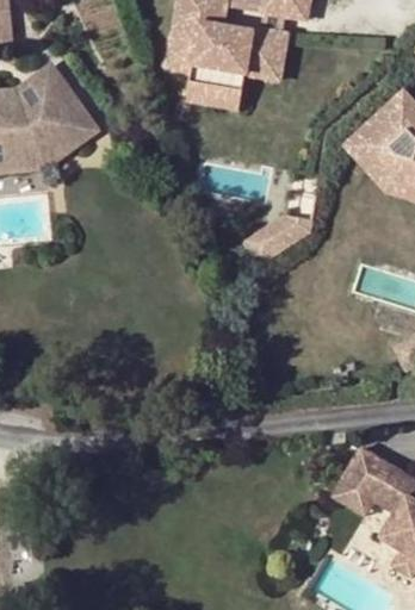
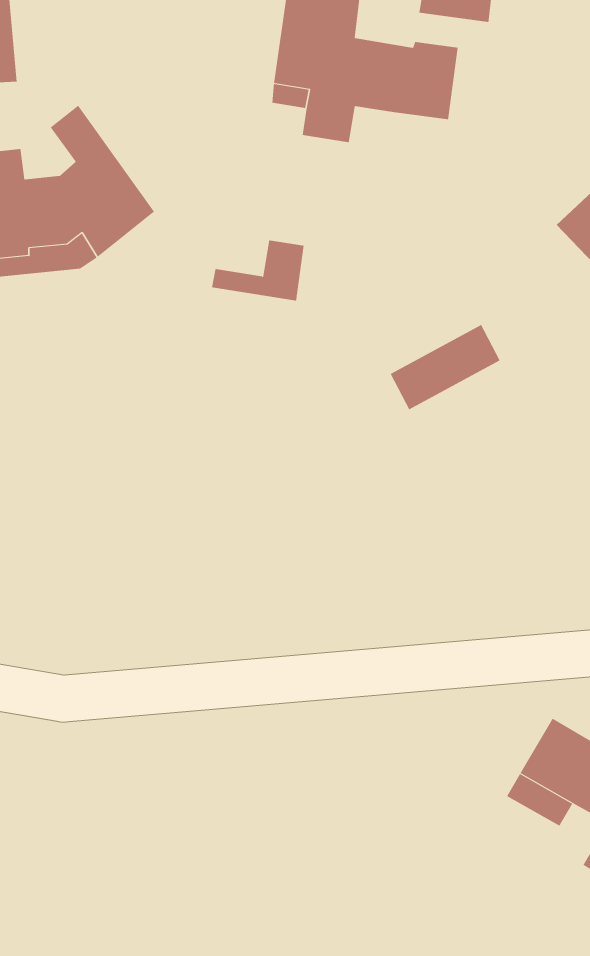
building: [188,68,247,106] -> [211,240,305,301]

